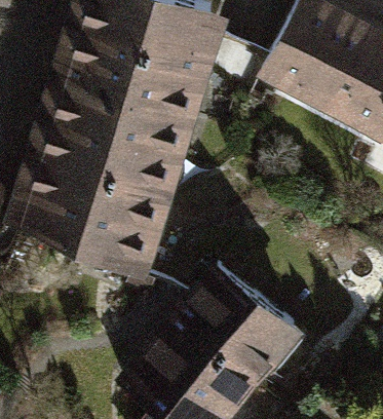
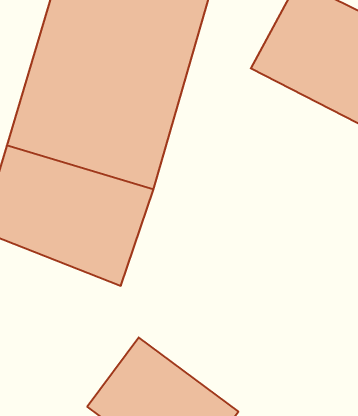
building: [158,263,298,396] -> none

